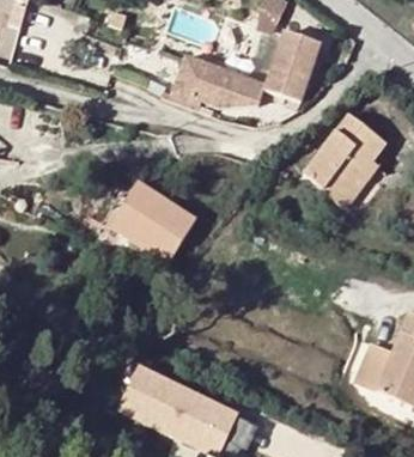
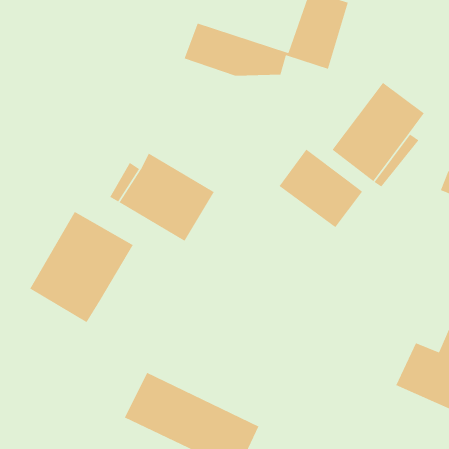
building: none -> [279,148,363,228]
building: none -> [29,211,134,323]

